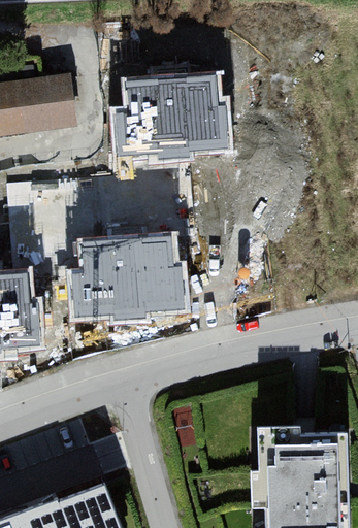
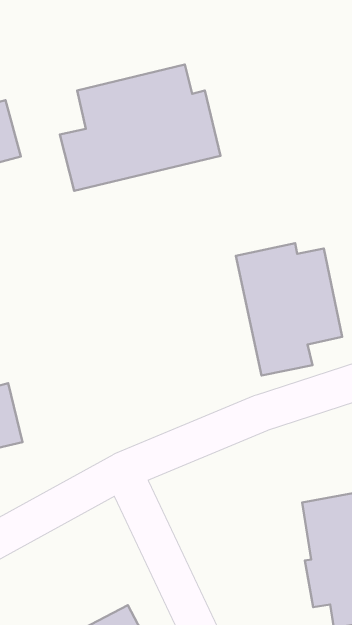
building: none -> [236,243,342,376]
building: [71,239,185,317] -> none

